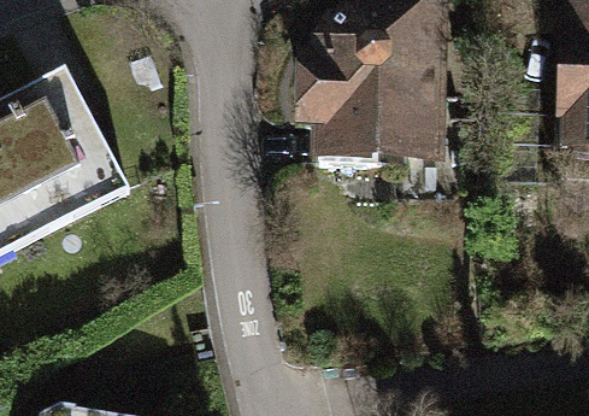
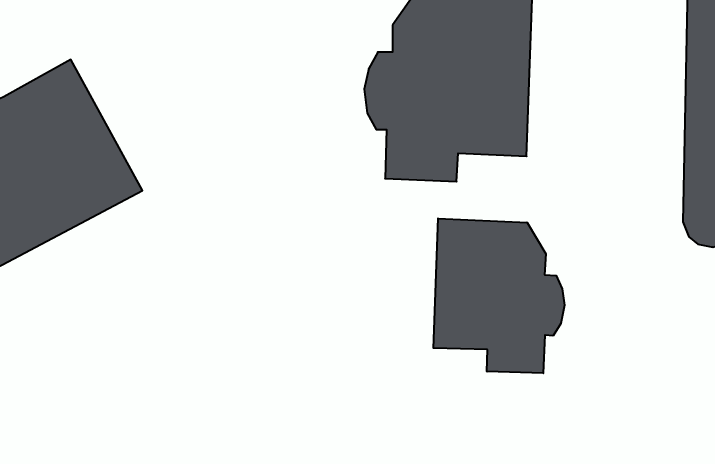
building: none -> [433,218,565,373]

